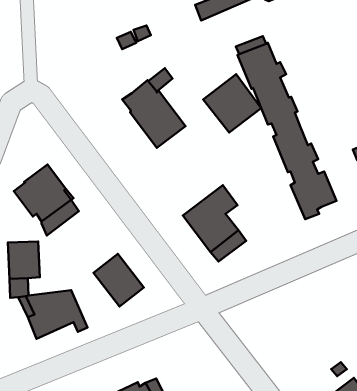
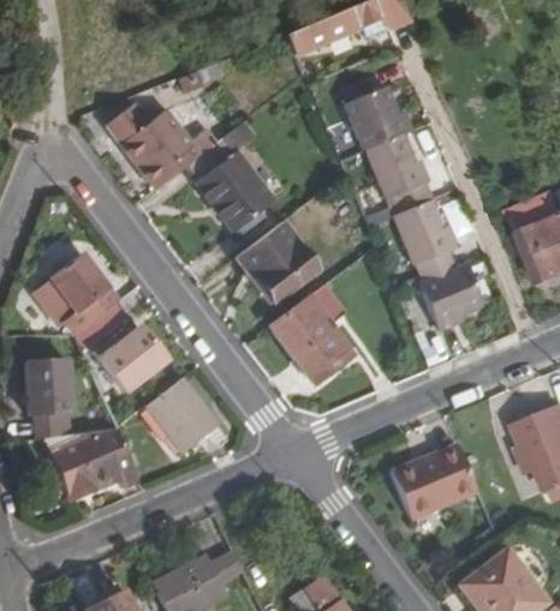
building: none -> [103,102,198,188]
building: [203,74,261,132] -> [236,222,316,302]
building: none -> [95,328,163,390]
building: none -> [391,444,475,519]

